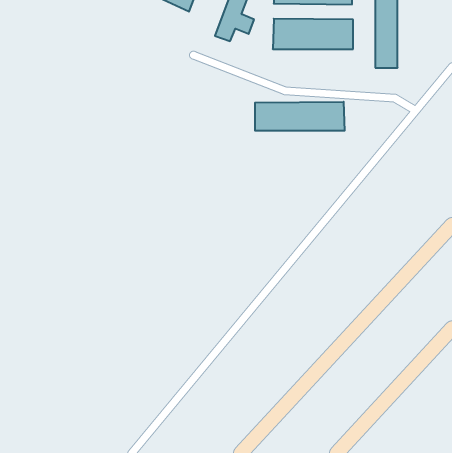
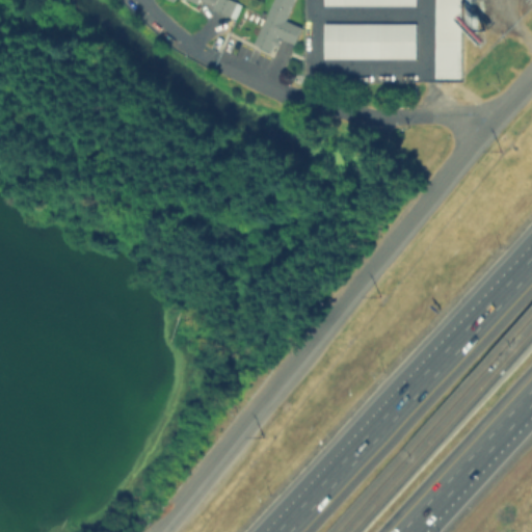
building: [255,102,345,131] -> none

